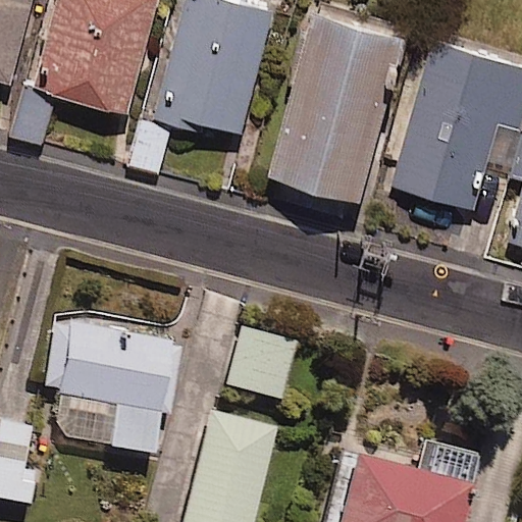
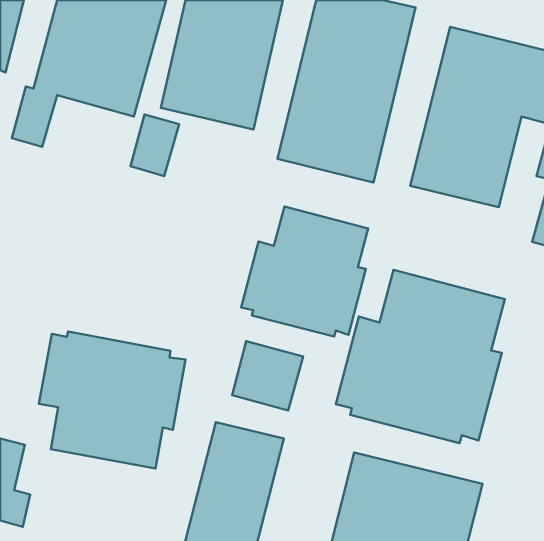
building: none -> [241,206,368,337]
building: none -> [336,270,505,443]

